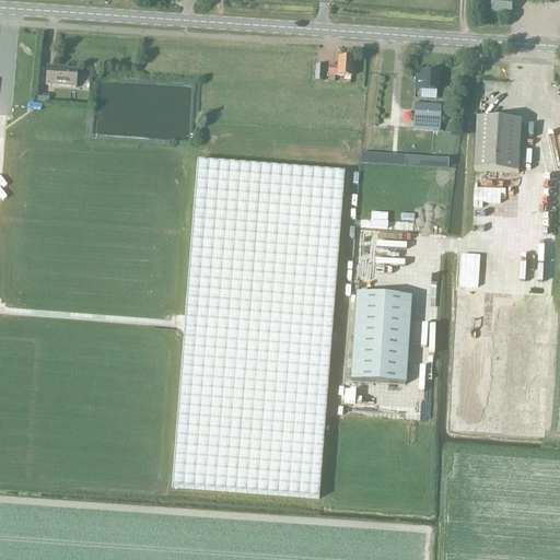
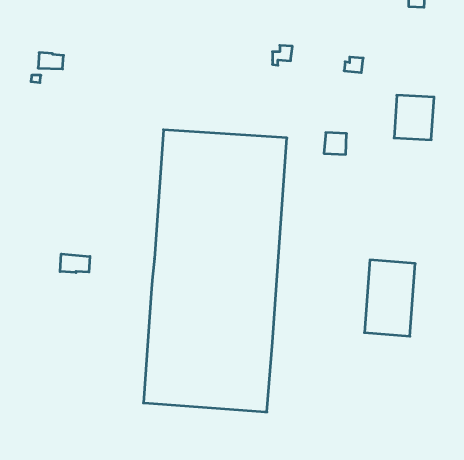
building: [412,101,440,127] -> [324,133,347,154]
building: [350,290,411,382] -> [364,260,415,336]
building: none -> [60,254,90,273]

